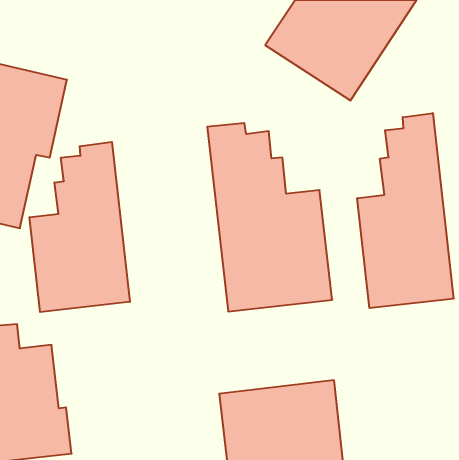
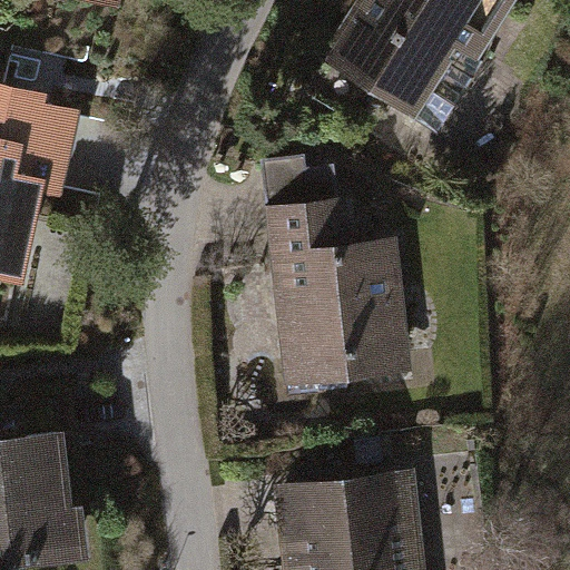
building: [357,113,454,308] -> none
building: [30,142,130,312] -> none

